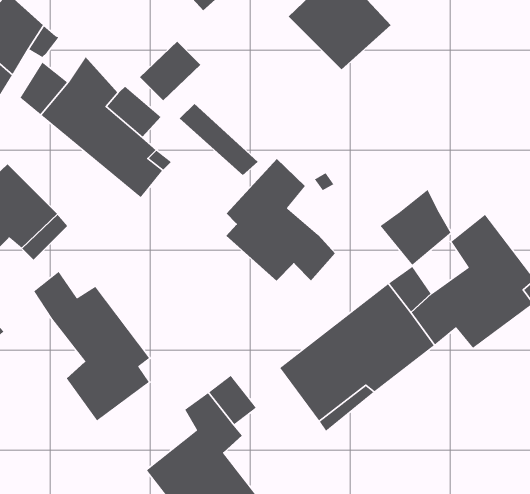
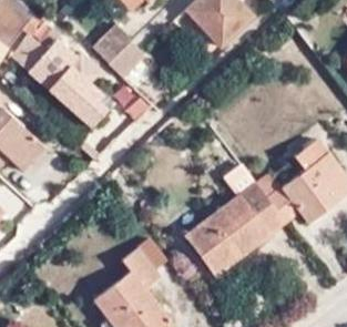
building: [225,158,336,281] -> none
building: [379,189,452,266] -> none
building: [33,271,150,422] -> none

